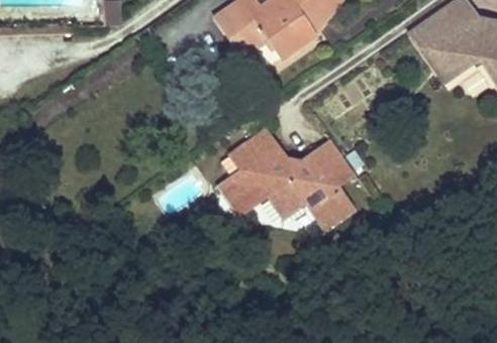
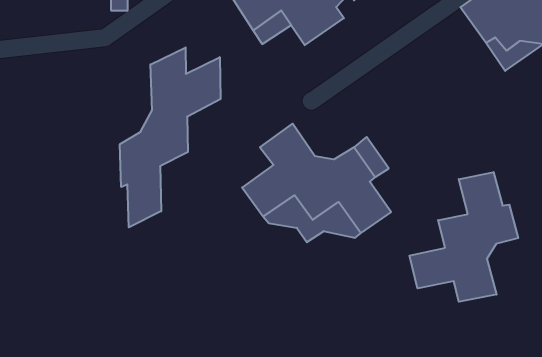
building: none -> [120,47,220,227]
building: none -> [409,172,518,302]

